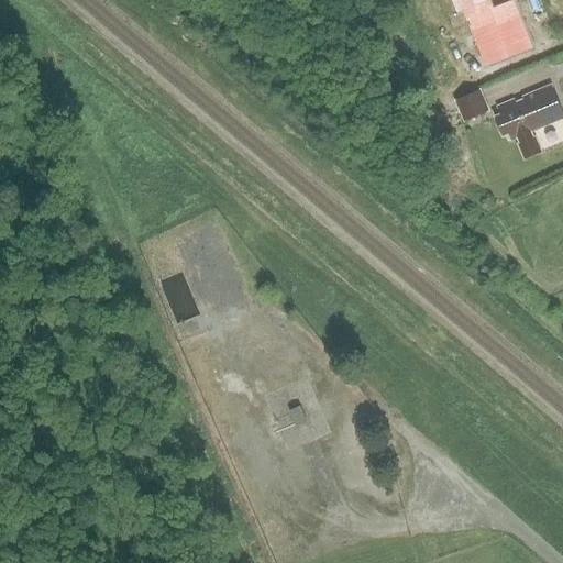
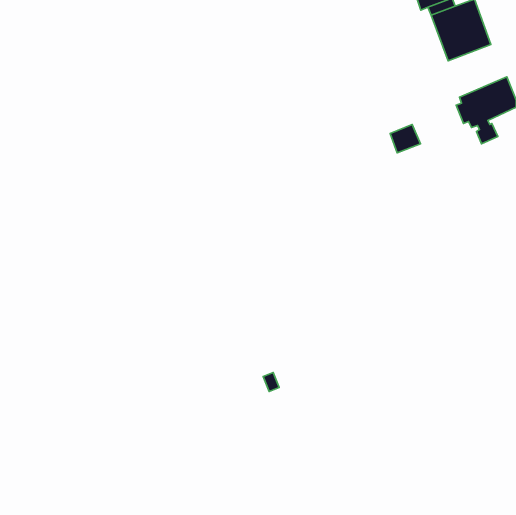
building: [453,88,486,119] -> [390,125,420,153]

